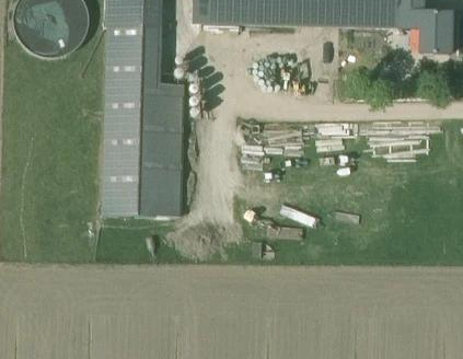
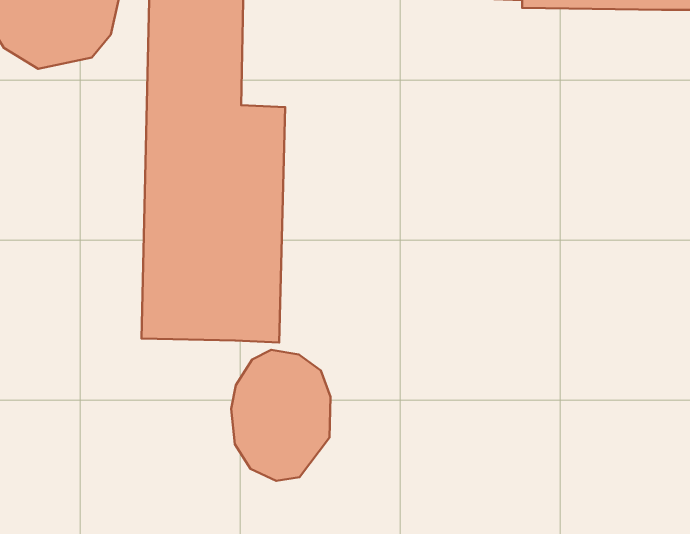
building: none -> [231,350,331,481]

